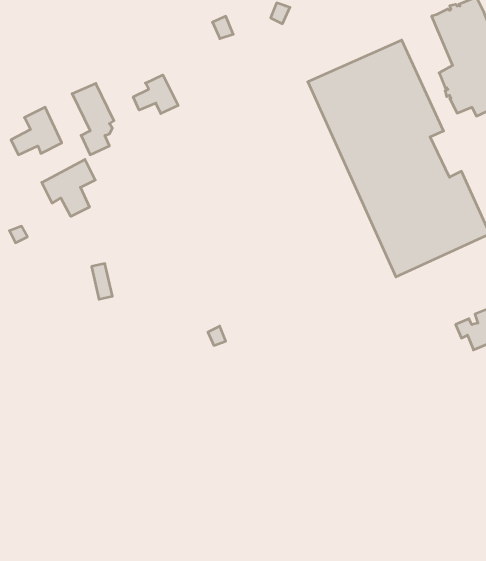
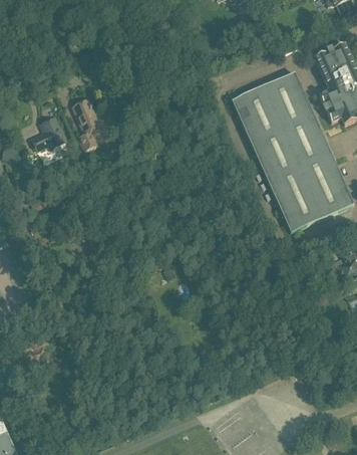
building: [133,75,178,114] -> none
building: [42,159,95,216] -> none

